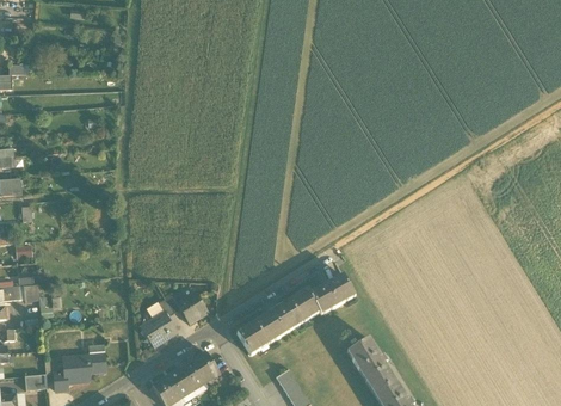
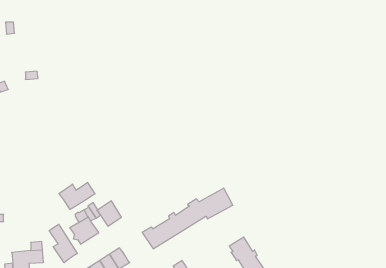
building: none -> [59,182,95,210]
building: none -> [49,224,77,263]

